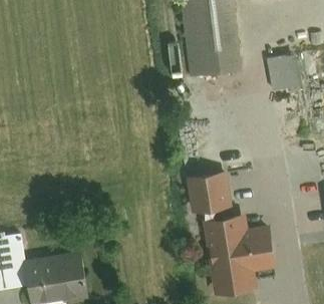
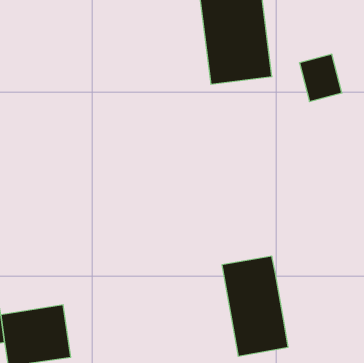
building: [186,172,231,211] -> none
building: [246,224,277,269] -> none

